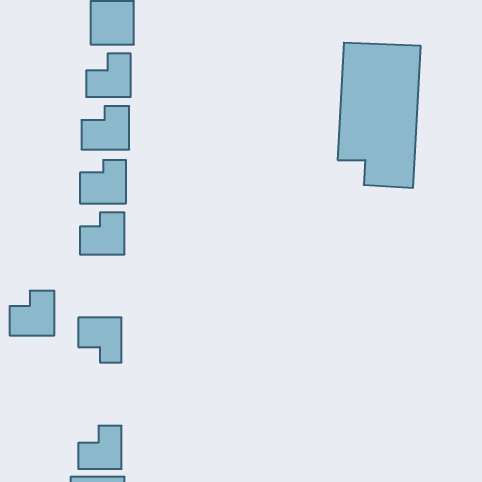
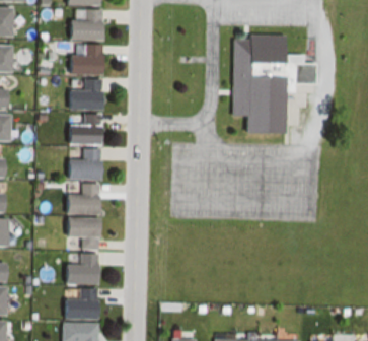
building: [10,291,54,335] -> [68,184,97,213]
building: none -> [67,255,96,283]

